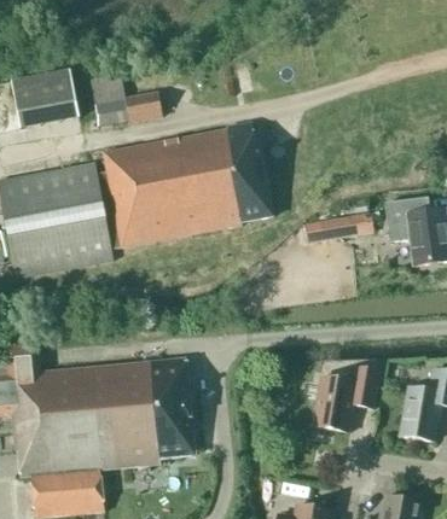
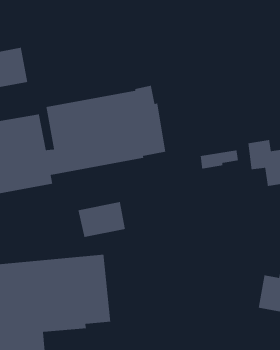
building: [89,74,162,126] -> none
building: none -> [78,201,126,238]
building: [312,367,379,431] -> none

